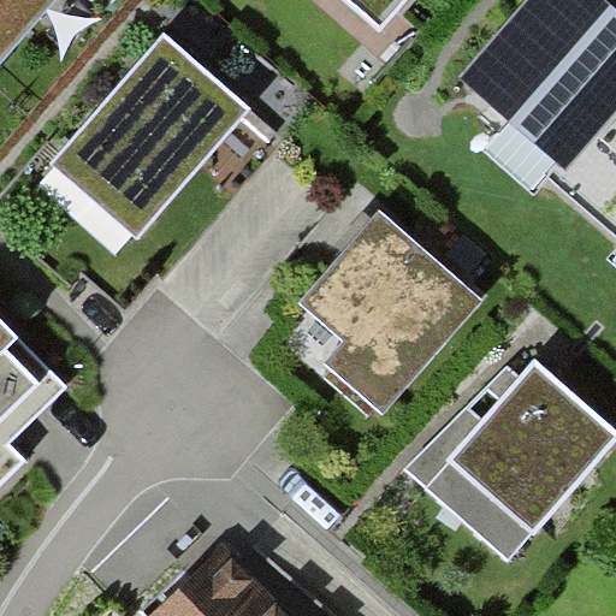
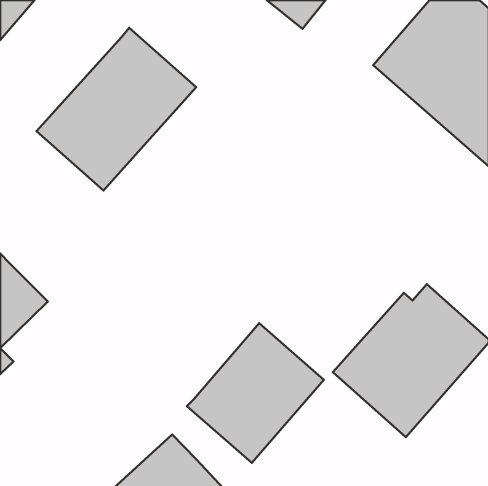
building: [296,214,472,413] -> none
building: none -> [187,323,324,463]

